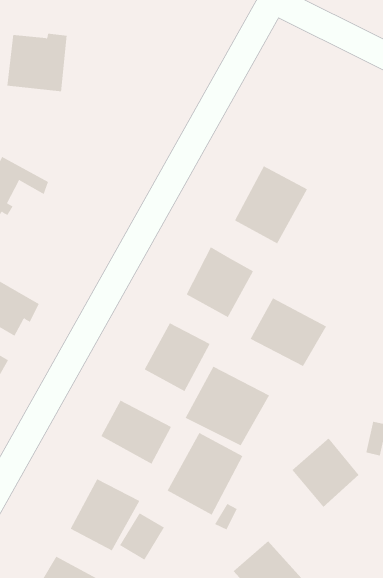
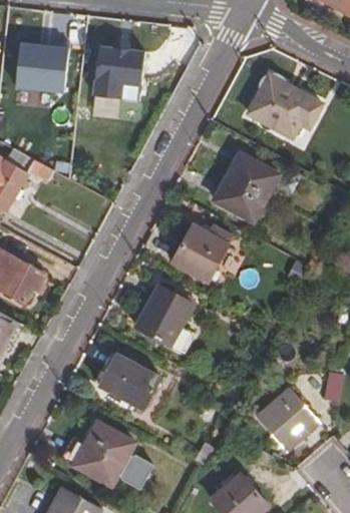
building: none -> [94,45,144,97]
building: none -> [246,76,311,140]
building: [250,298,327,367] -> none
building: [185,366,270,446] -> none
building: [167,432,243,516] -> none

